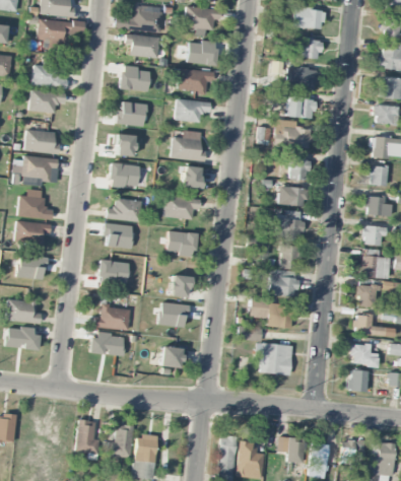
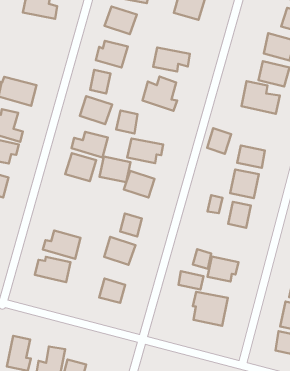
building: [179,69,213,92] -> none
building: [29,91,66,113] -> none
building: [24,129,60,155] -> none
building: [288,157,311,182] -> [207,128,231,154]
building: [183,167,202,189] -> [116,110,138,134]
building: [98,261,128,283] -> [99,157,131,182]
building: [268,269,298,297] -> none

